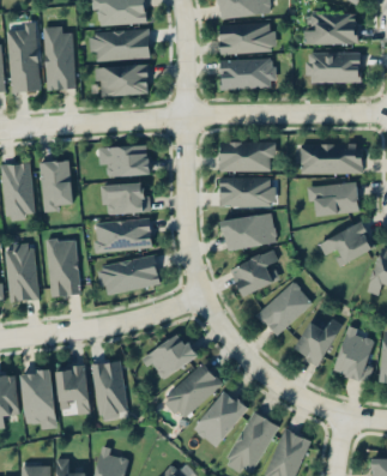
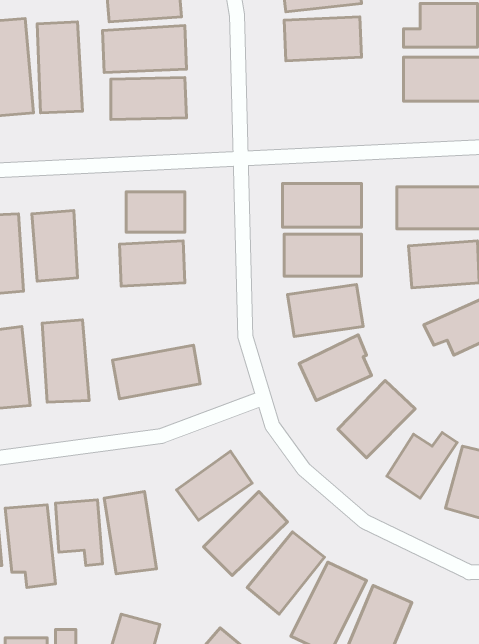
building: [220,59,276,90] -> none
building: [93,219,152,253] -> none

